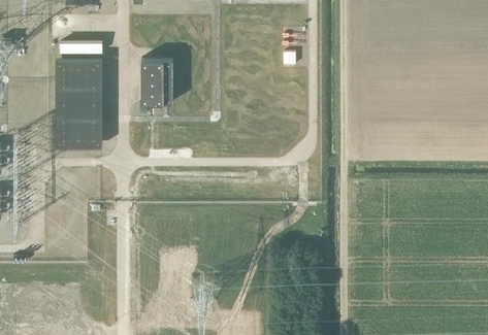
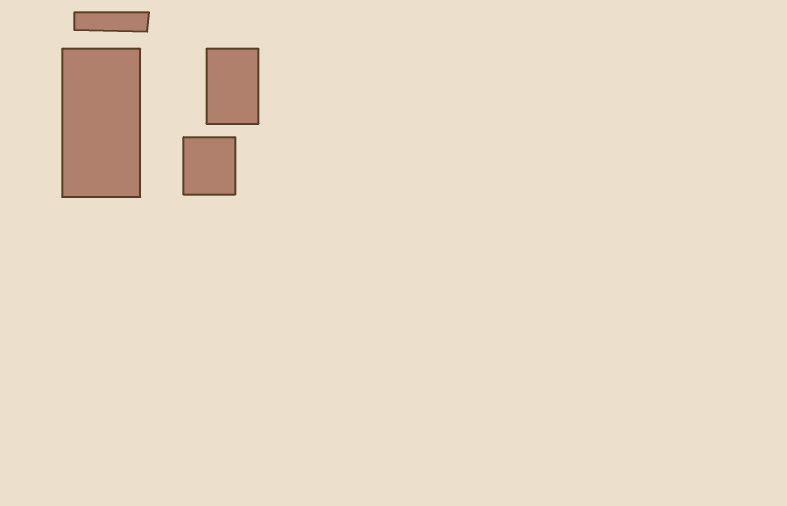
building: none -> [184,137,235,195]

